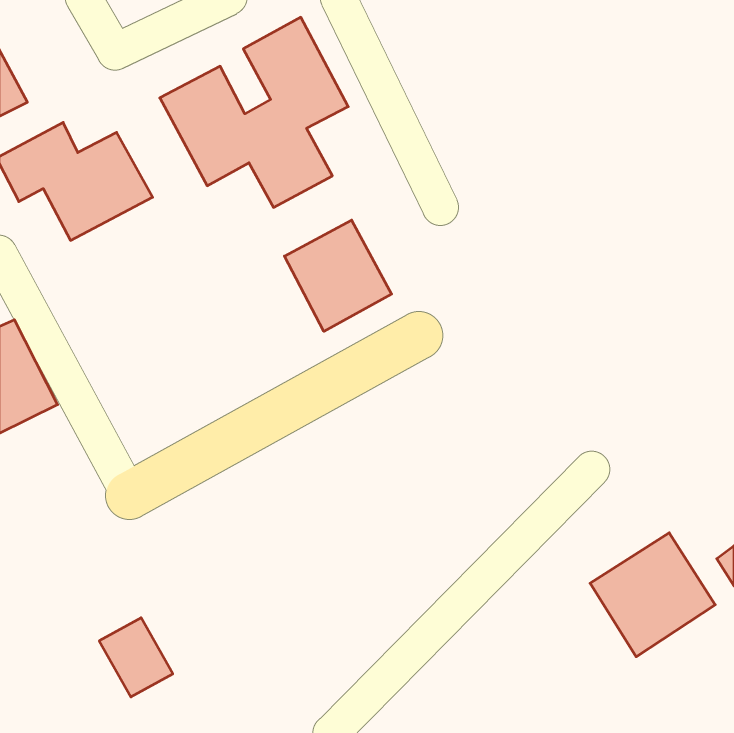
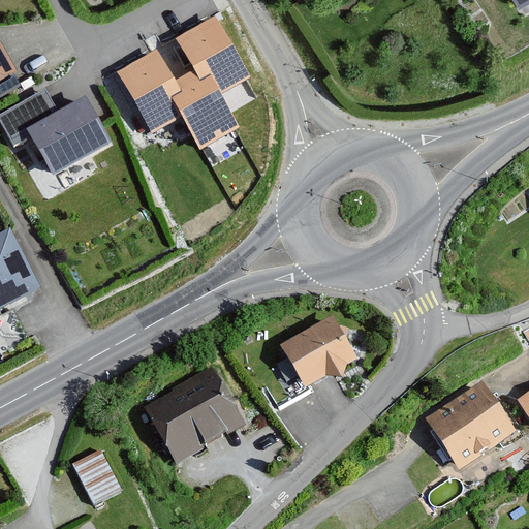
building: [284,220,392,331] -> none
building: none -> [277,317,357,393]
building: none -> [141,366,247,467]

